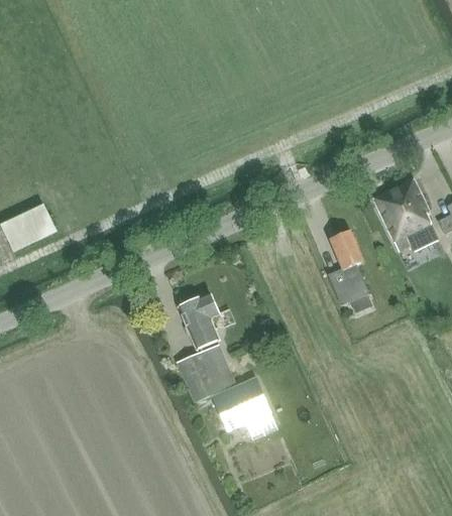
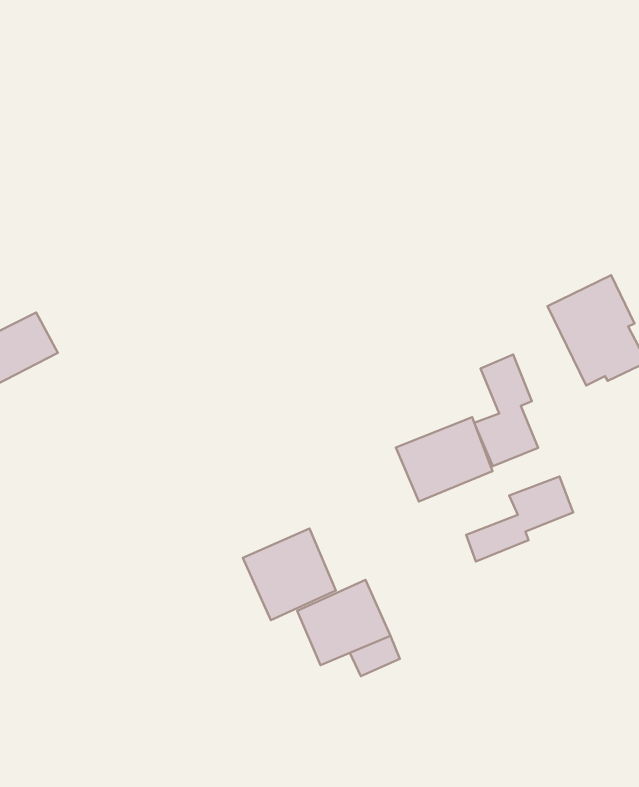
building: none -> [396,417,493,502]
building: [178,293,220,348] -> none
building: none -> [466,476,573,561]

